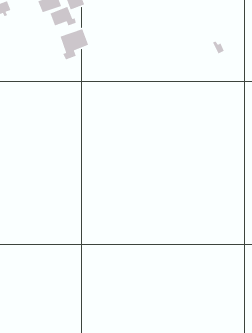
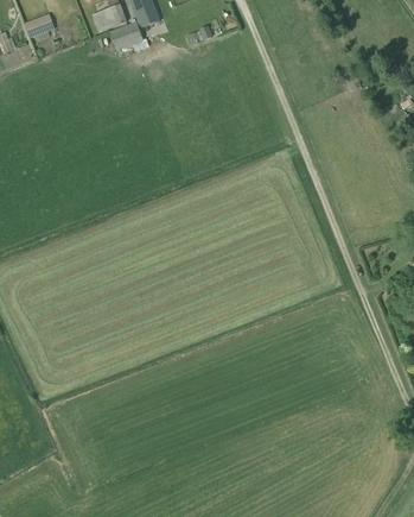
building: [60,28,89,61] -> none

